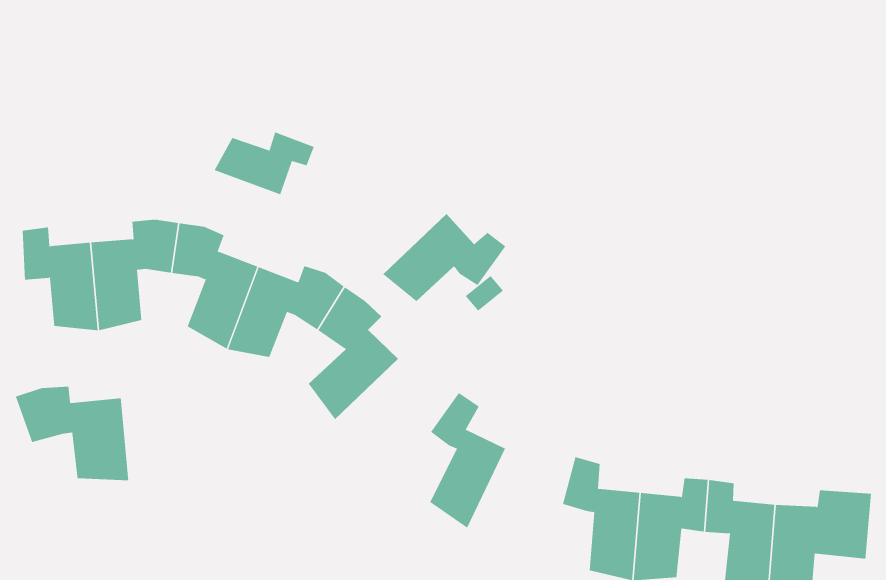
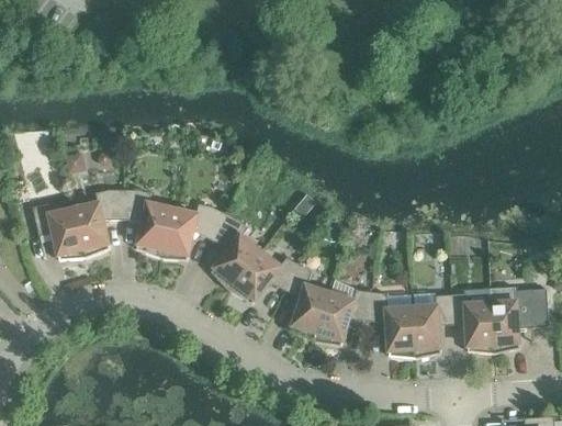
building: [214,131,314,195] -> none
building: [382,213,506,302] -> [228,248,297,302]
building: [15,386,129,481] -> none
building: none -> [314,276,370,344]

